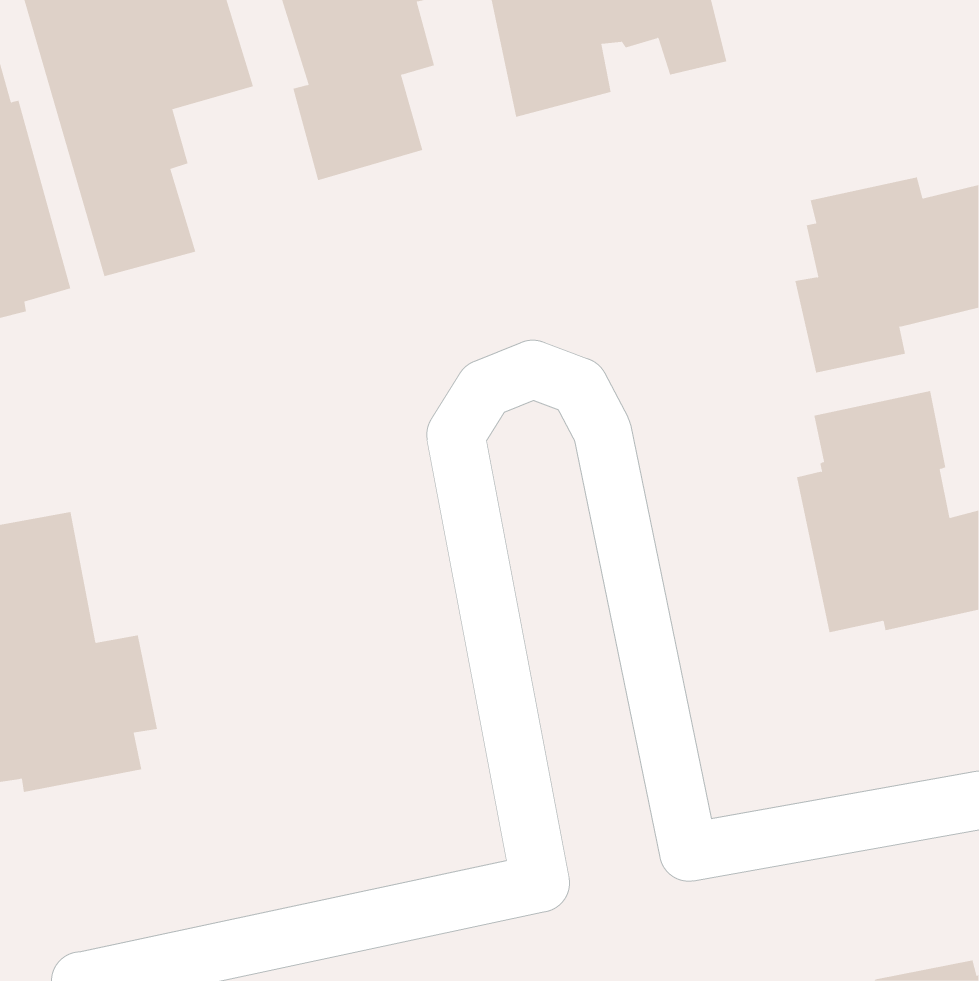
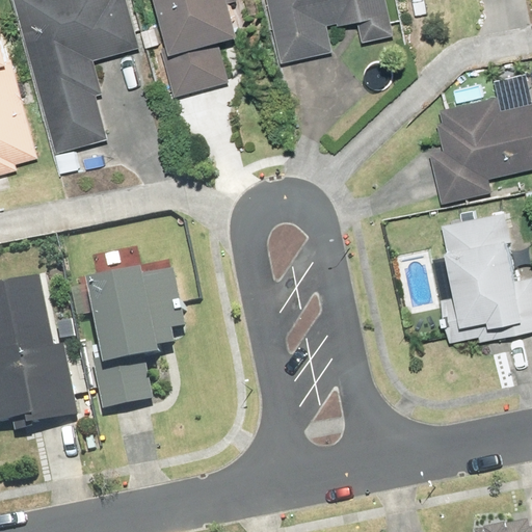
building: none -> [84,270,184,409]

